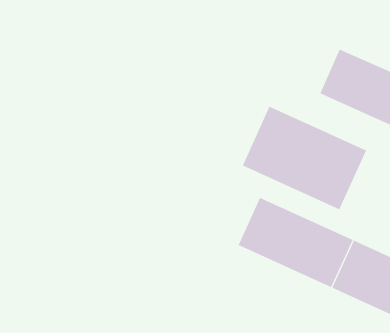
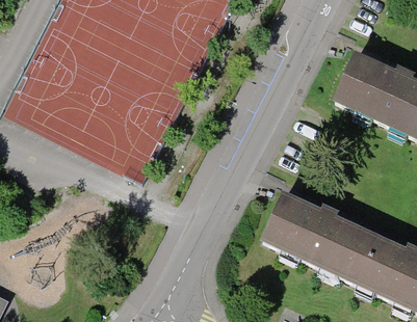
building: [242,106,367,210] -> none

